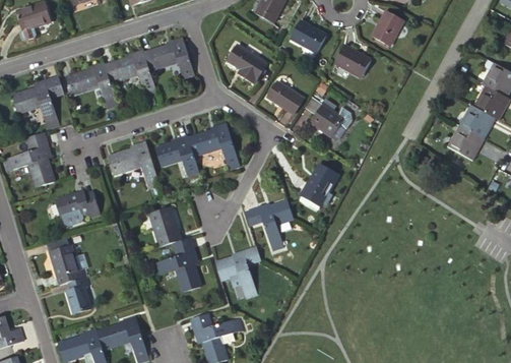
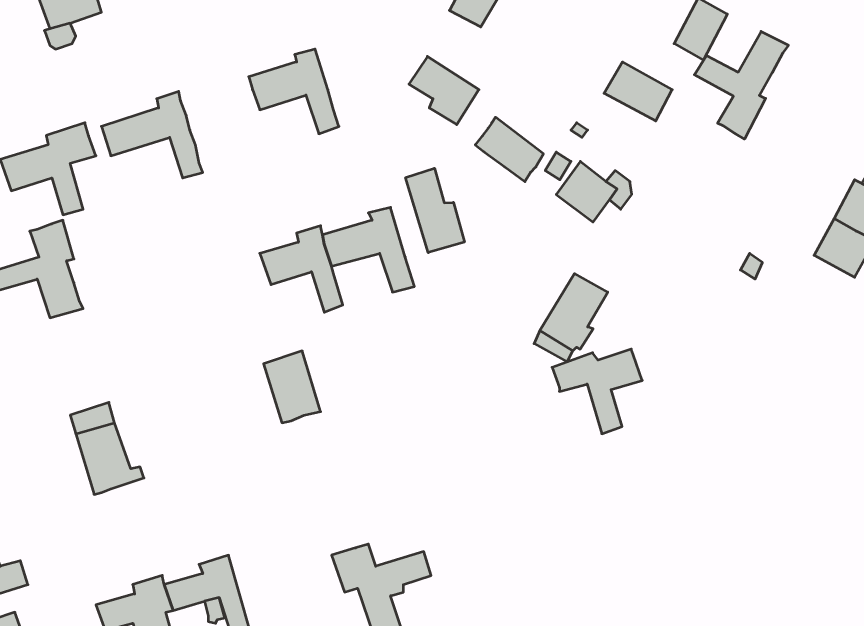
building: [296,22,332,54] -> none
building: none -> [694,31,788,139]
building: [105,49,154,97] -> none
building: none -> [406,168,464,253]
building: [107,141,156,188] -> none
building: [49,189,95,216] -> none
building: [245,198,295,245] -> [552,349,642,434]
building: [152,235,199,287] -> none
building: [214,244,260,291] -> none
building: [63,275,88,314] -> none

